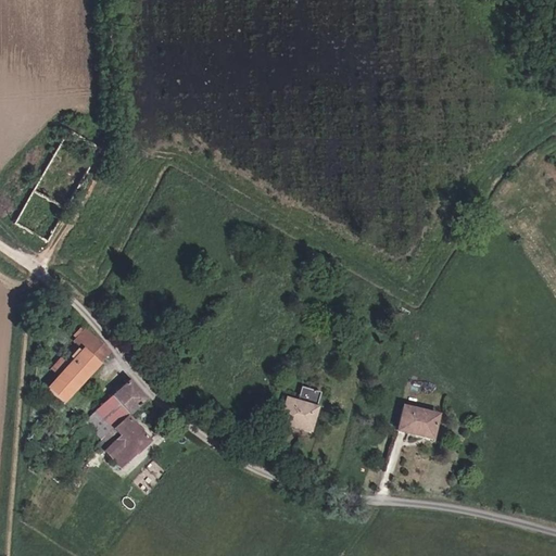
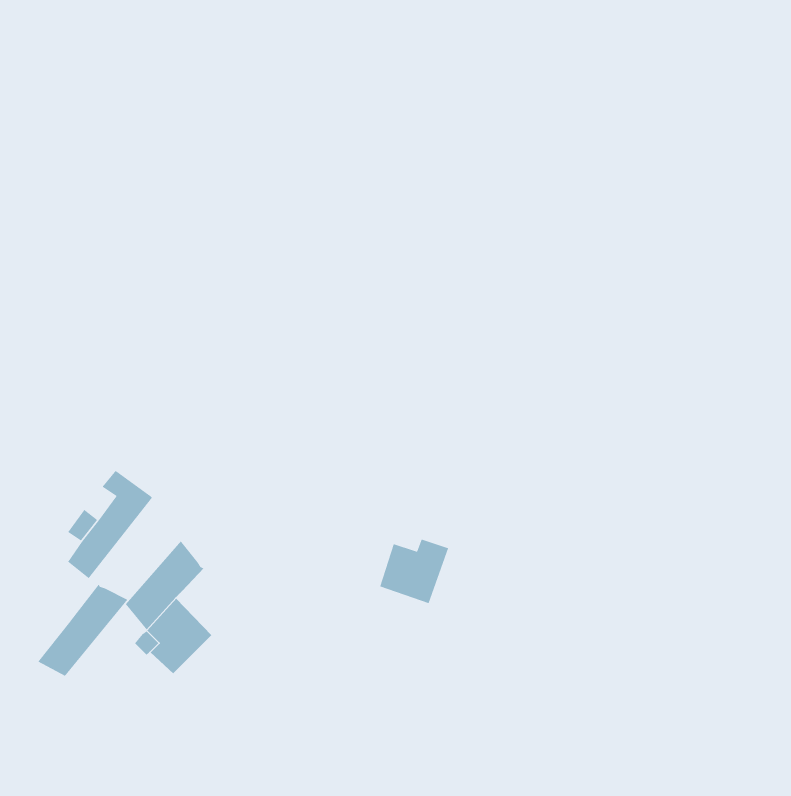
building: [408,405,450,440] -> none
building: none -> [37,583,129,677]

